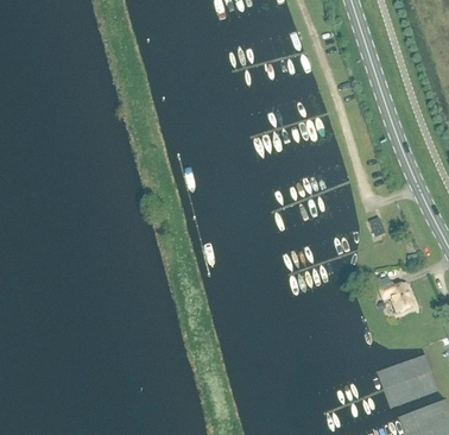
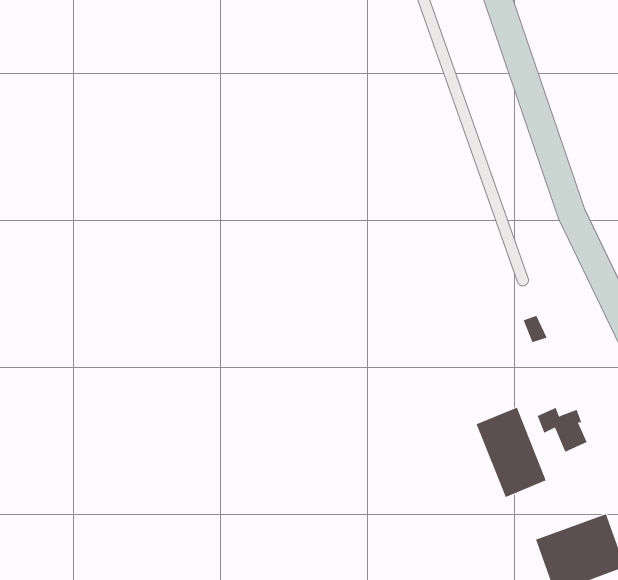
building: none -> [476,407,547,498]

